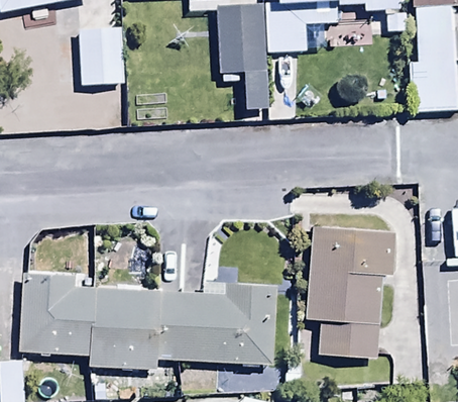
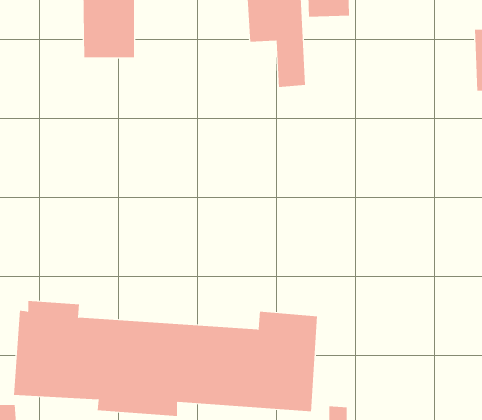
building: [306,238,396,368] -> none

